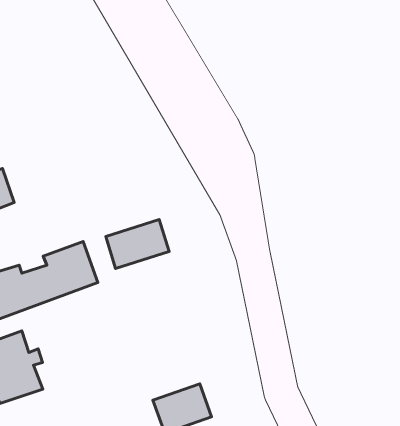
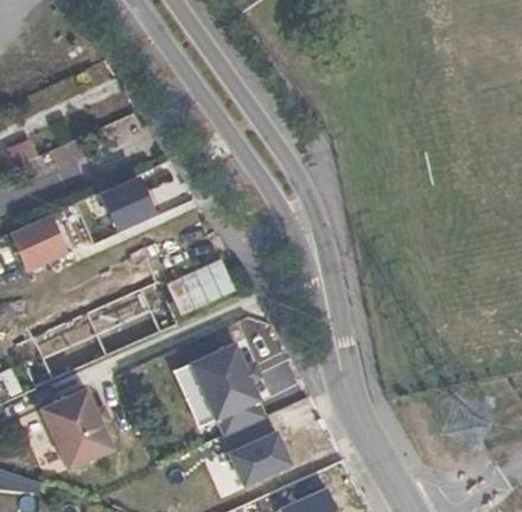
building: none -> [102,181,149,225]
building: none -> [196,359,268,436]

